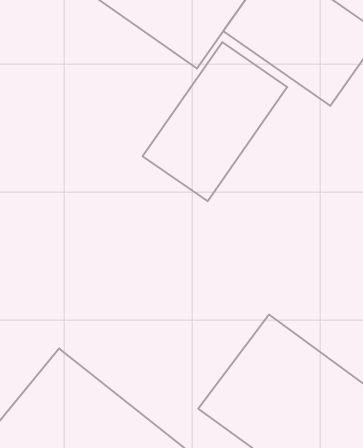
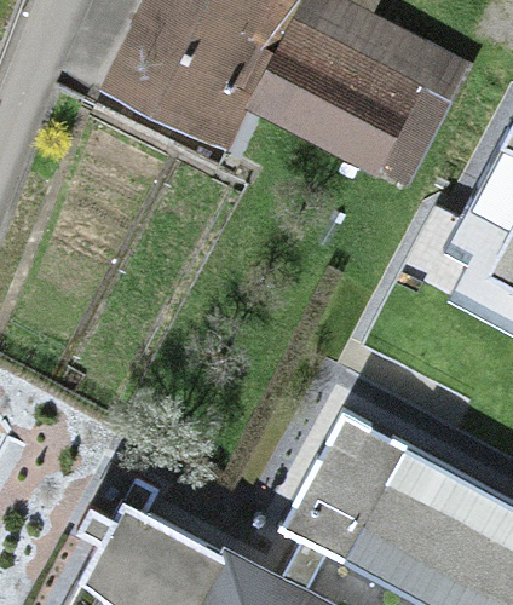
building: [143,42,287,201] -> none

